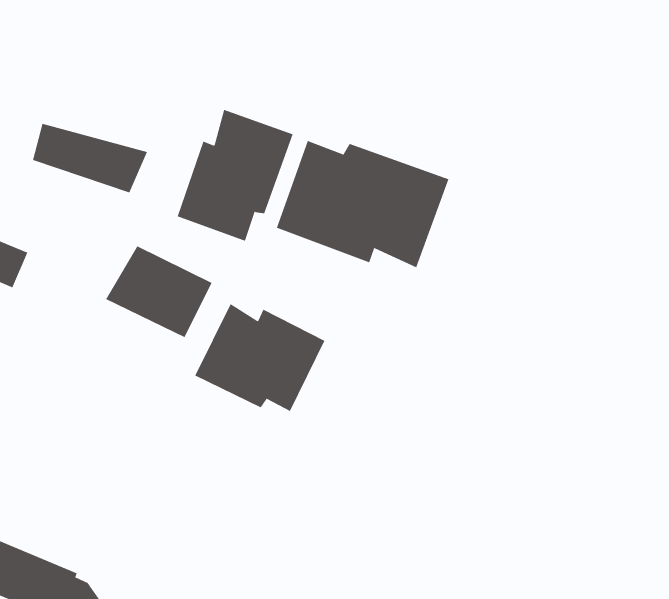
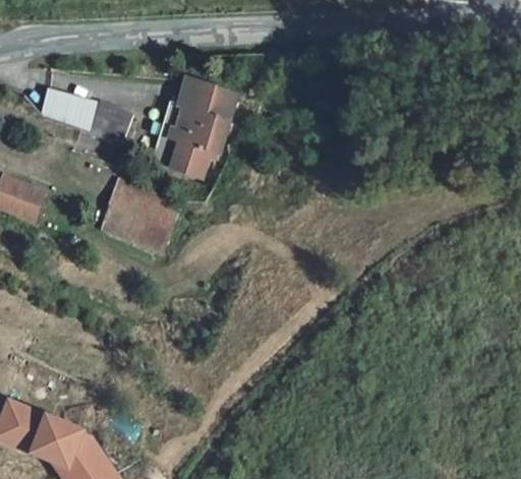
building: [276,140,449,268] -> none
building: [194,303,325,412] -> none

